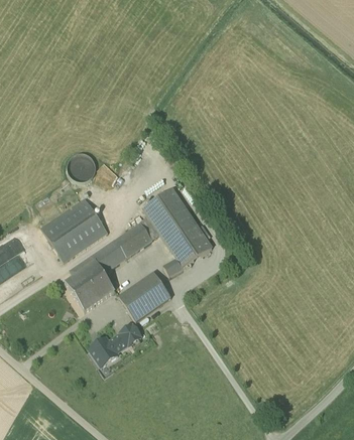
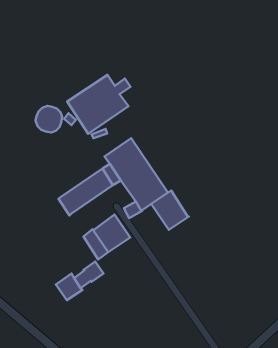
building: [41,197,111,262] -> [67,75,130,134]
building: none -> [151,190,189,230]
building: [66,255,115,311] -> none

